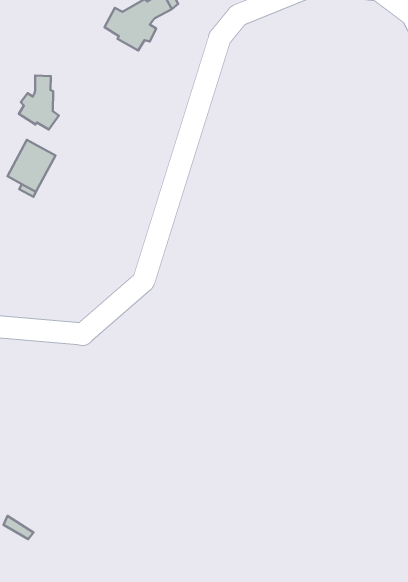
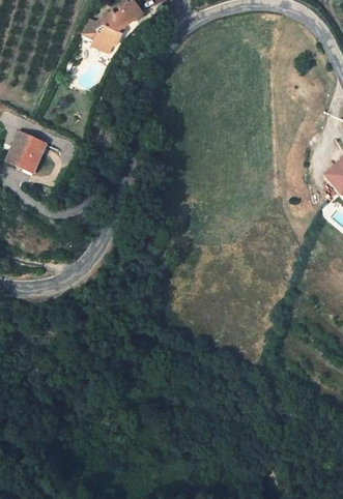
building: [19,75,59,130] -> none

